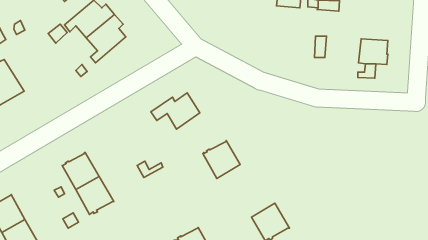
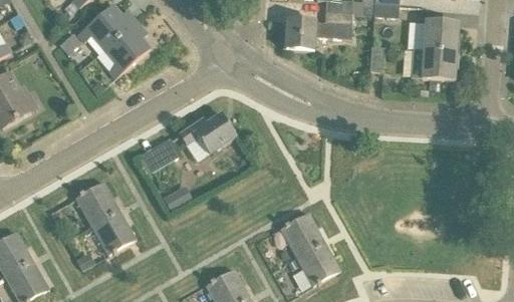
building: none -> [283,11,352,50]
building: none -> [424,20,458,51]
building: none -> [142,137,180,172]
building: [203,140,240,178] -> [280,213,323,257]

